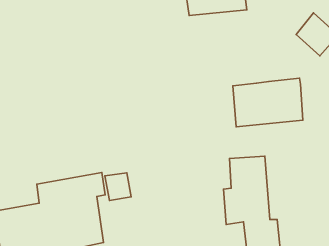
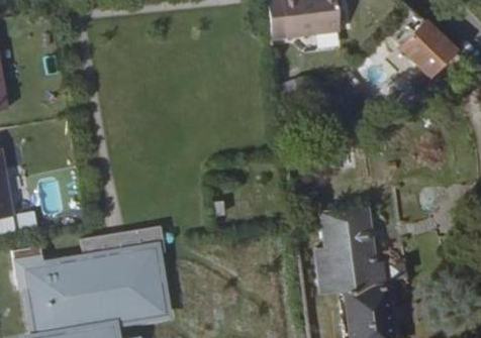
building: [233,78,303,127] -> none
building: [105,173,131,201] -> none

